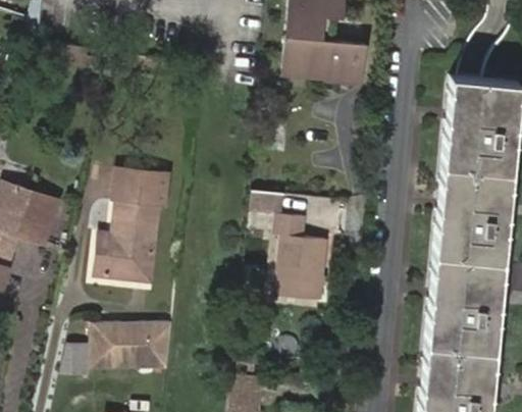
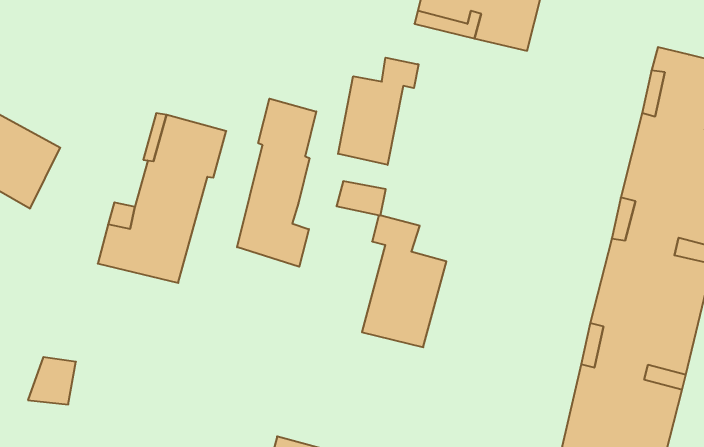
building: none -> [338,58,419,165]
building: none -> [237,99,316,267]
building: [94,323,174,368] -> none

